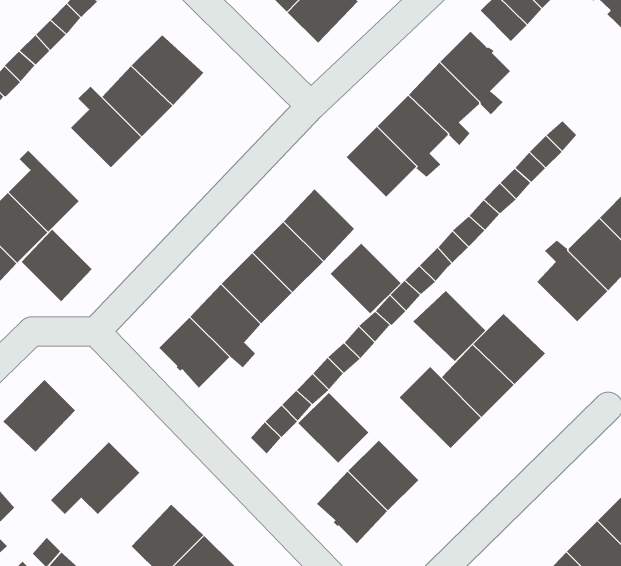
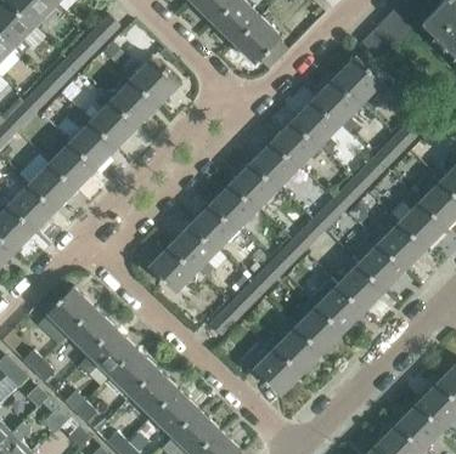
building: [21,229,92,302] -> [69,120,117,169]
building: [330,243,402,314] -> [252,140,299,187]
building: [413,290,486,362] -> [377,222,426,269]
building: [298,392,369,464] -> [294,306,342,353]
building: none -> [67,307,116,356]
building: none -> [108,348,157,397]

